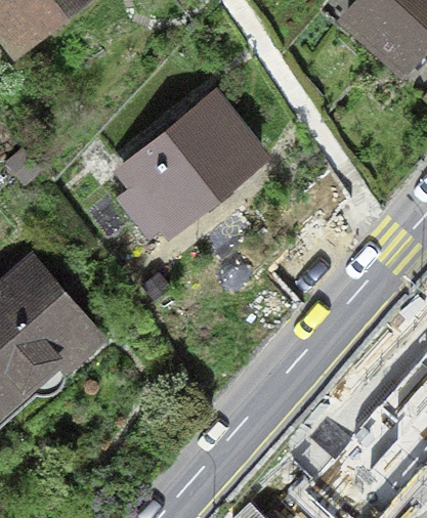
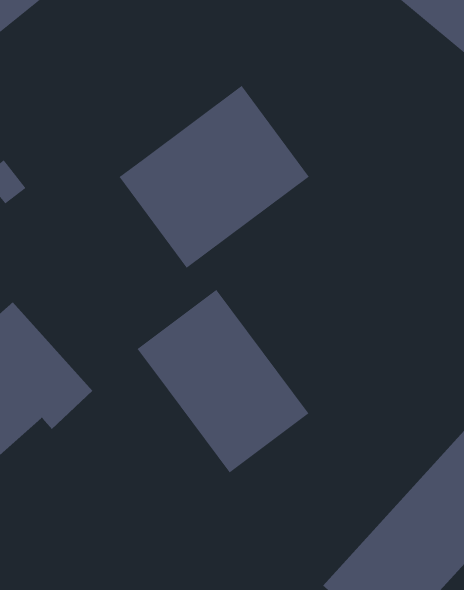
building: none -> [137,289,309,474]

